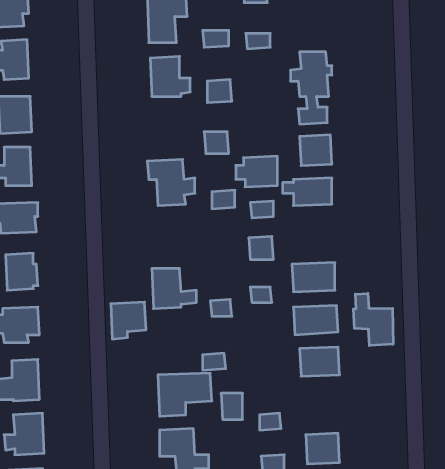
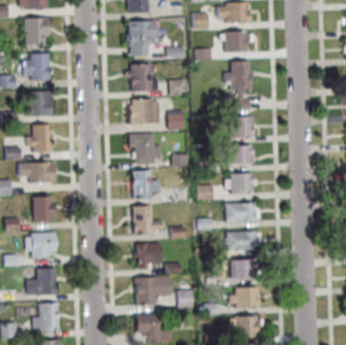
building: none -> [223,32,248,53]
building: none -> [130,100,159,125]
building: [236,156,277,187] -> [224,174,252,195]
building: none -> [132,171,159,199]
building: [353,293,393,346] -> none
building: [111,302,146,339] -> [137,244,161,269]
building: none -> [231,287,258,309]

